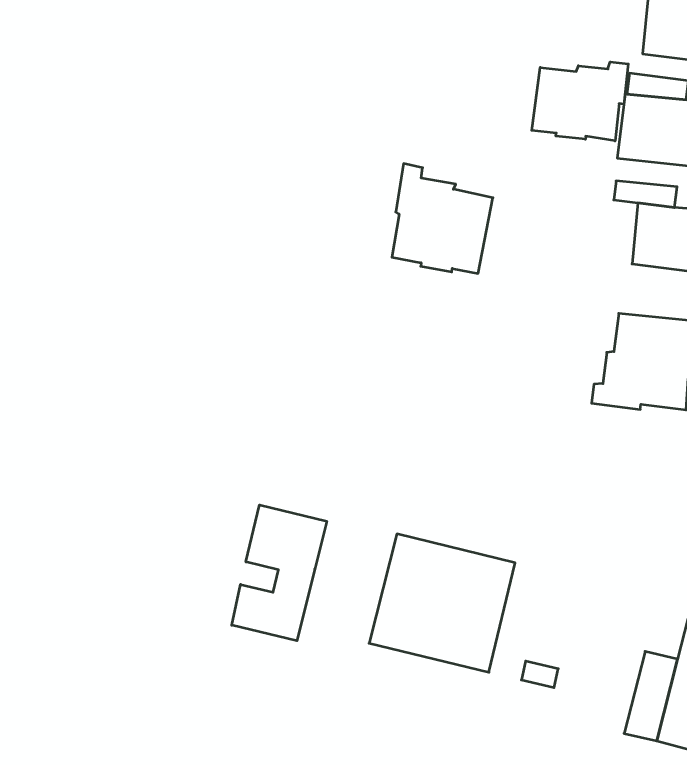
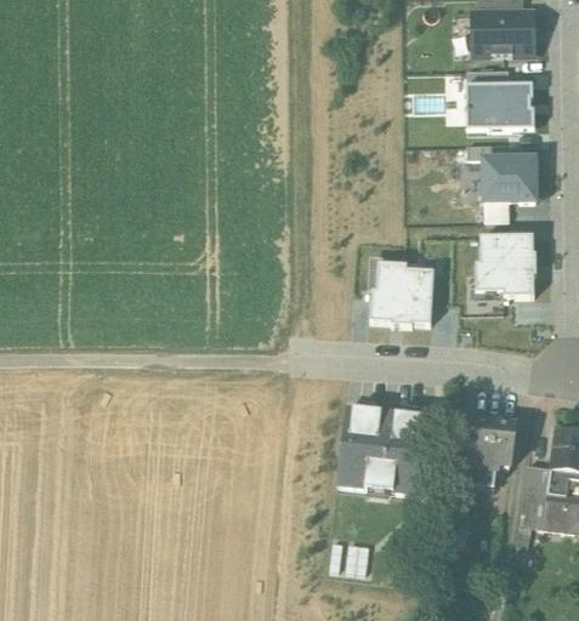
building: [532,62,628,141] -> none
building: [392,164,493,273] -> [368,255,433,325]
building: [232,505,327,641] -> none
building: none -> [464,420,513,485]

